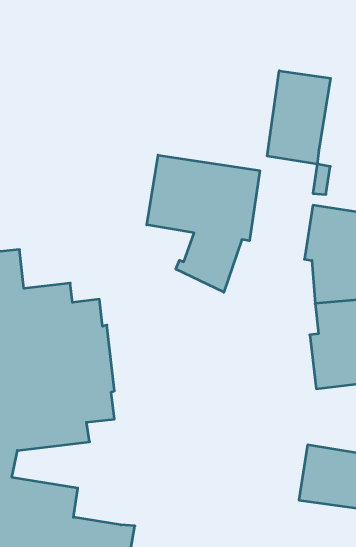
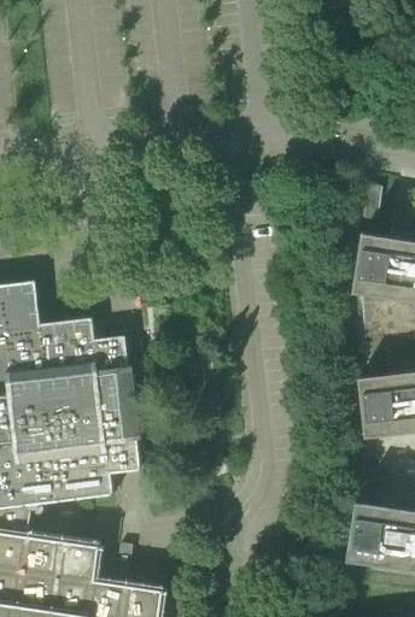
building: [267,71,331,164] -> none
building: [147,155,260,292] -> none

